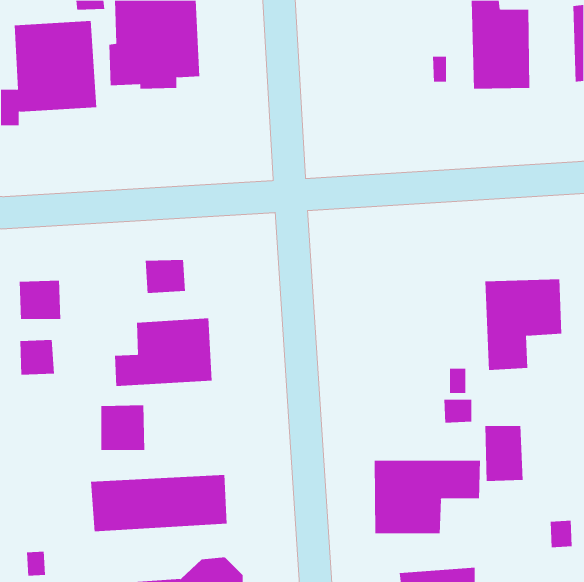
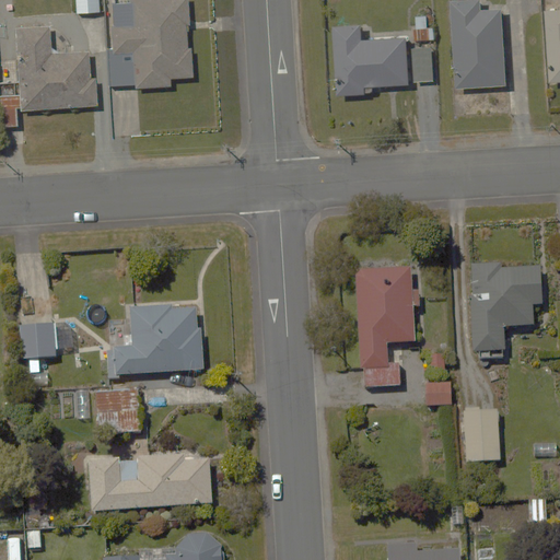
building: none -> [334,27,402,93]
building: [145,259,185,294] -> none
building: none -> [353,269,419,371]
building: [19,280,61,320] -> none
building: [374,460,481,534] -> none

